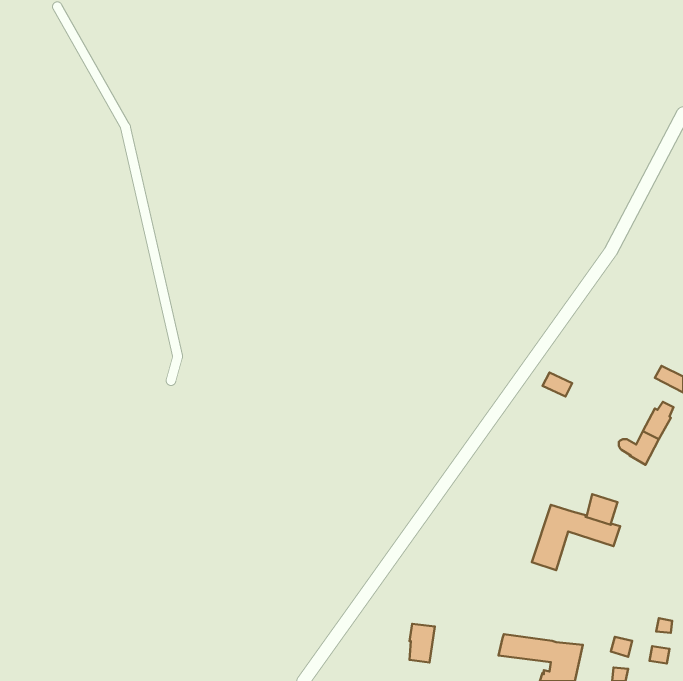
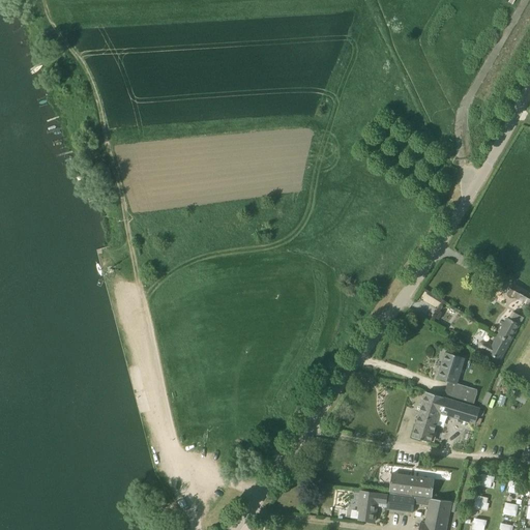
building: none -> [437,352,465,383]
building: none -> [389,473,434,496]
building: [410,624,435,663] -> [359,491,379,521]

